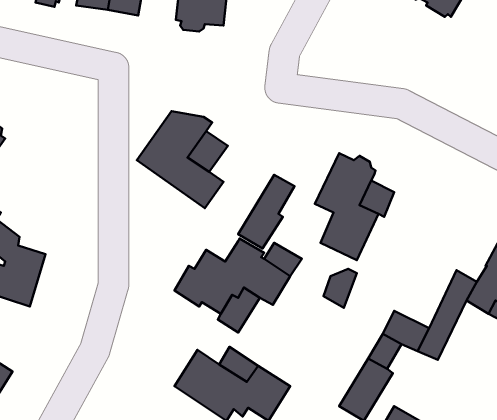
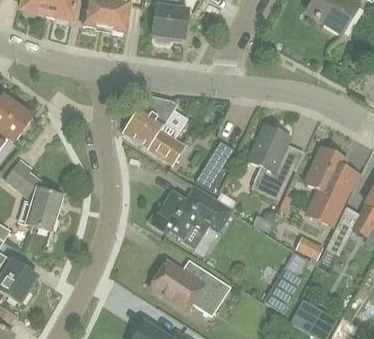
building: none -> [304,147,361,226]

